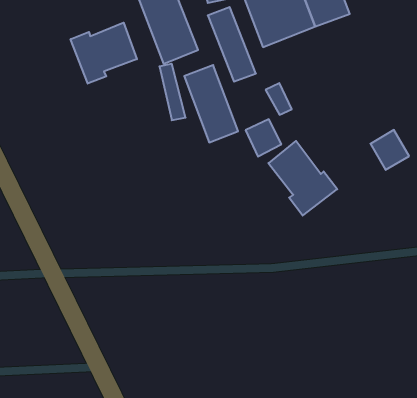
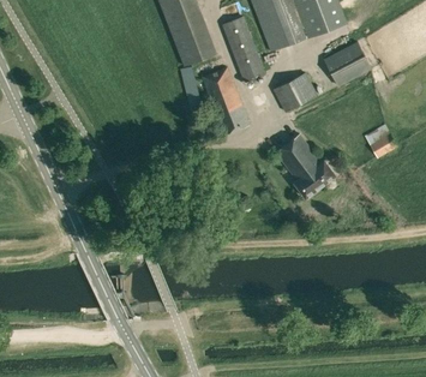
building: [71,23,137,84] -> none
building: none -> [325,42,372,85]
building: [246,119,281,157] -> [286,73,317,106]

